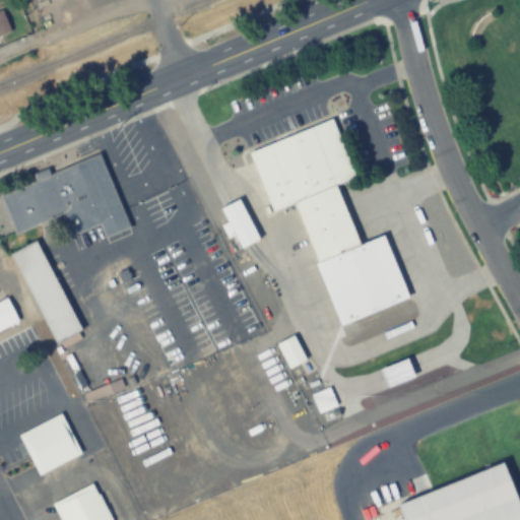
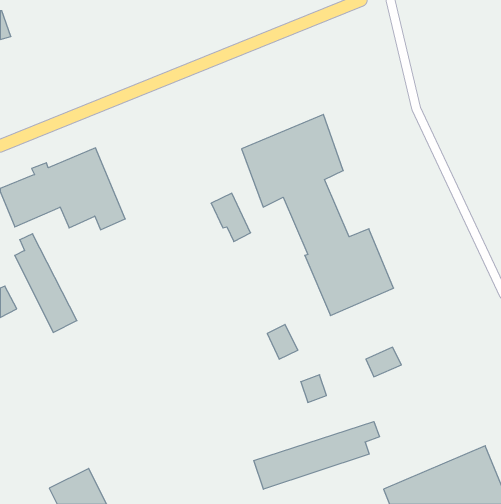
building: [19,413,81,473] -> none
building: none -> [254,422,380,489]

